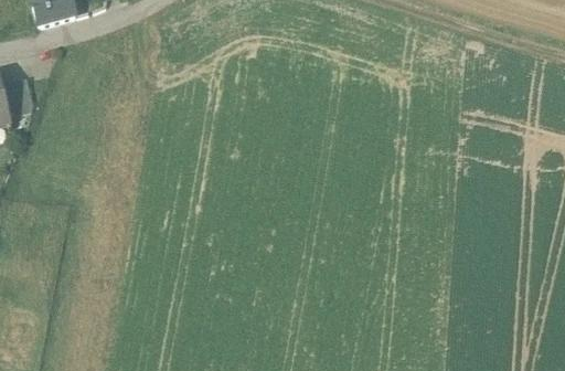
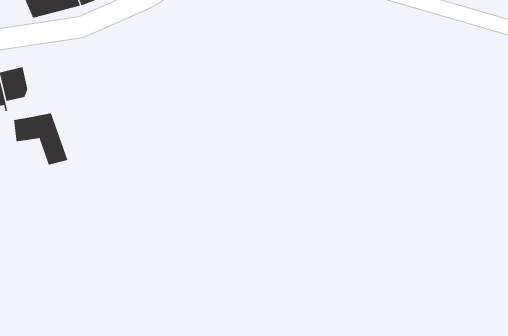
building: none -> [13,112,68,166]

